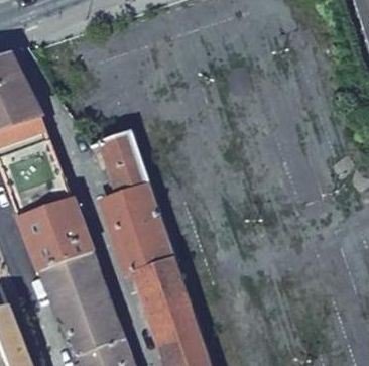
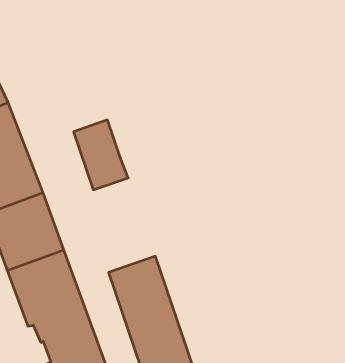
building: [107,189,176,276] -> none

